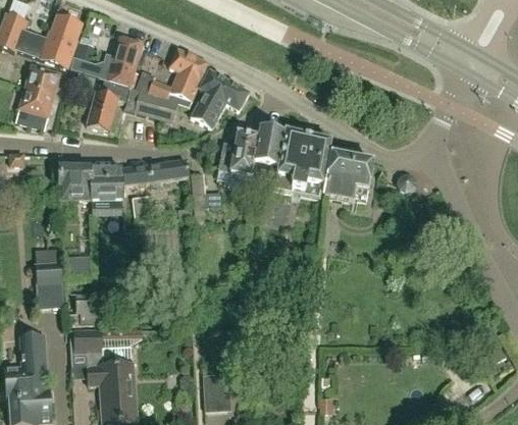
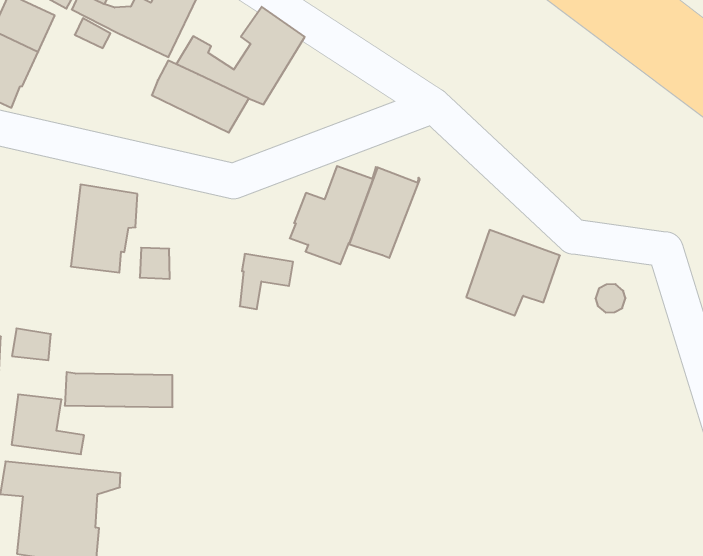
building: [190,68,248,127] -> none
building: [86,79,130,130] -> none
building: [270,131,330,198] -> none
building: [124,158,189,185] -> [65,372,173,407]
building: [58,165,93,214] -> none

